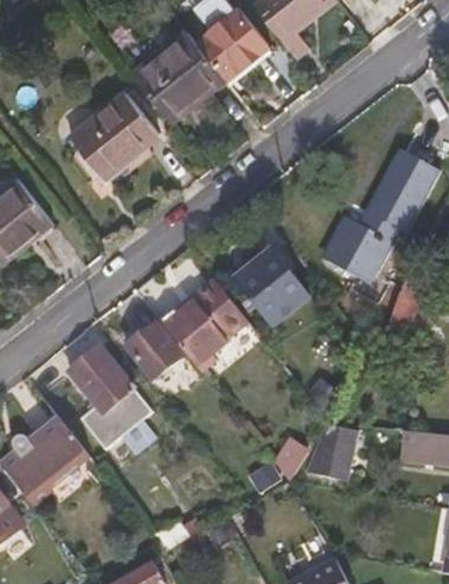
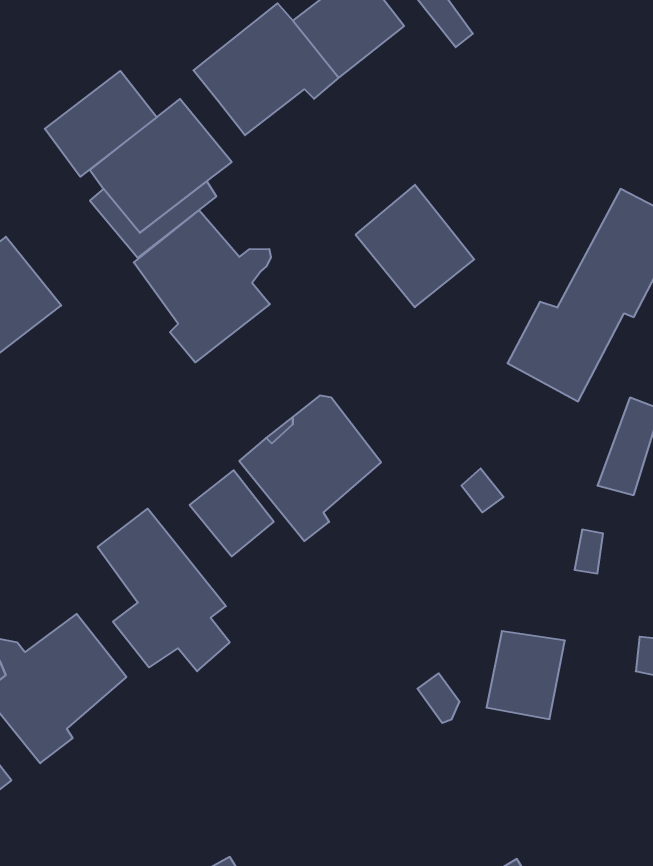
building: none -> [45,71,157,177]
building: none -> [134,210,271,362]
building: [240,251,314,327] -> [356,185,474,307]

